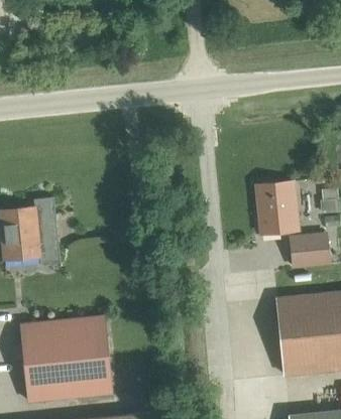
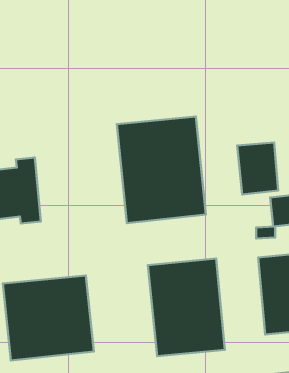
building: none -> [117,117,206,223]
building: none -> [148,259,225,356]

